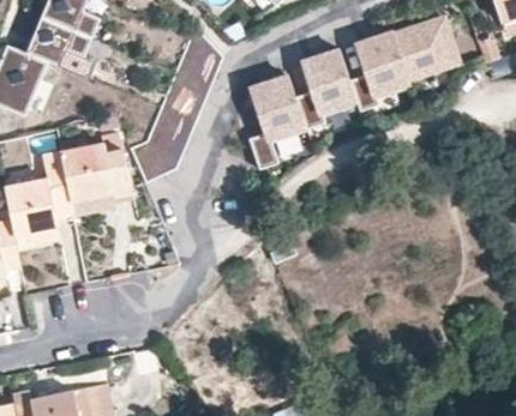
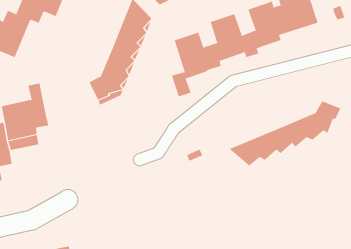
building: [59,132,132,199] -> none
building: none -> [228,101,341,167]

